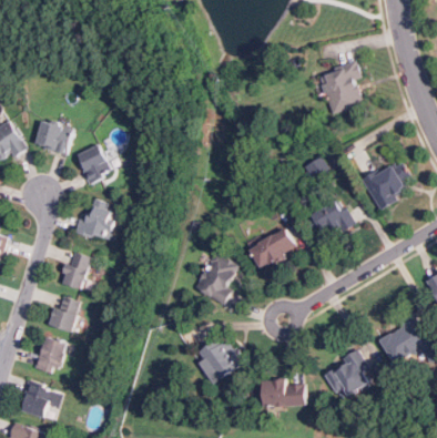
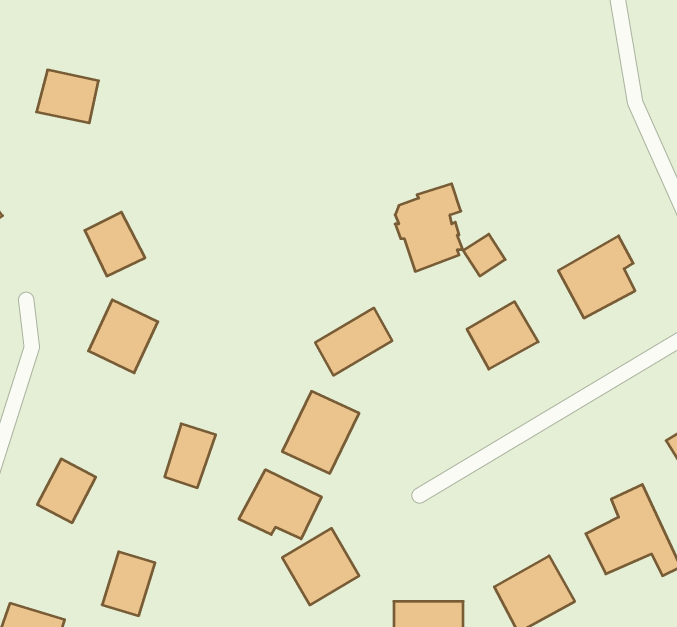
building: [321,62,362,115] -> [395,184,463,271]
building: [34,121,72,153] -> [36,70,99,123]
building: [250,227,296,268] -> [315,308,392,375]
building: [60,251,91,289] -> [165,424,216,488]
building: none -> [239,470,321,539]
building: [34,336,67,375] -> [102,552,155,616]

